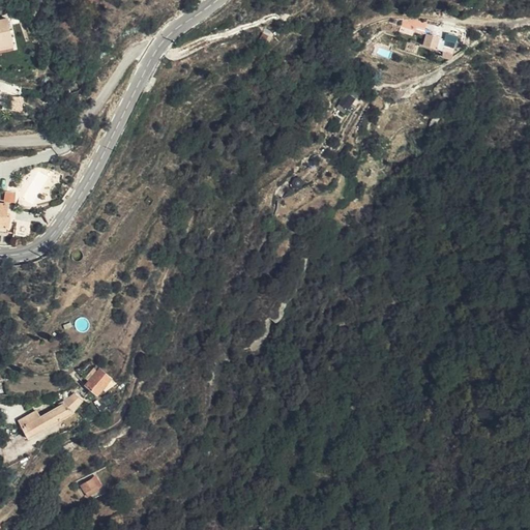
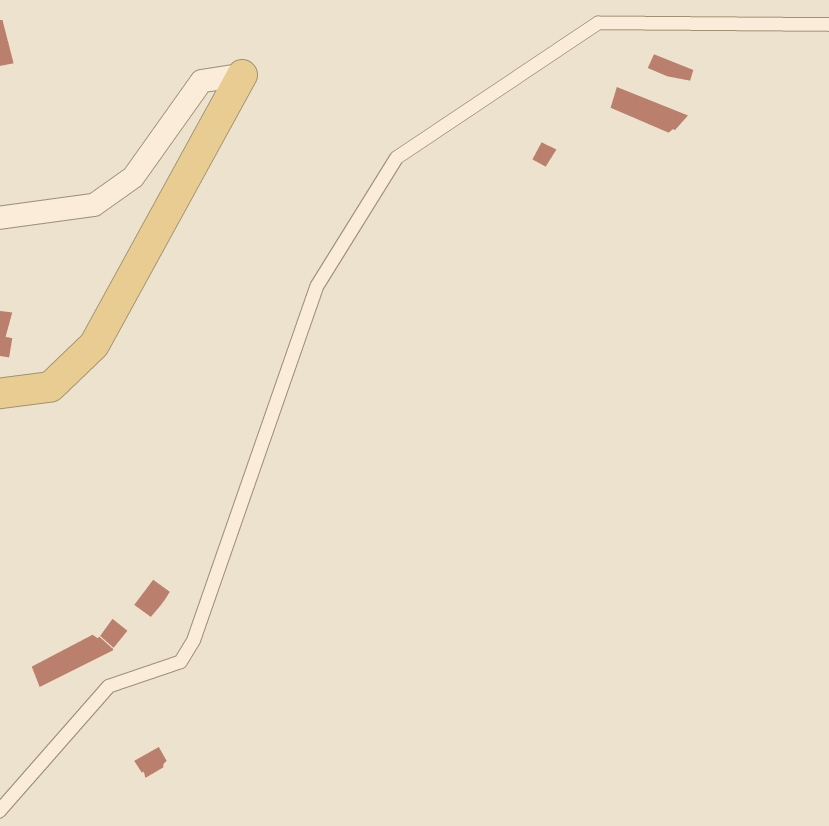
building: none -> [610,86,688,134]

